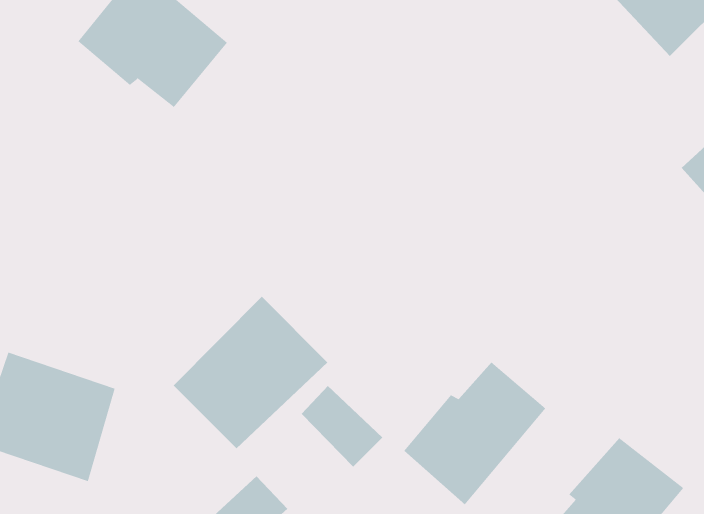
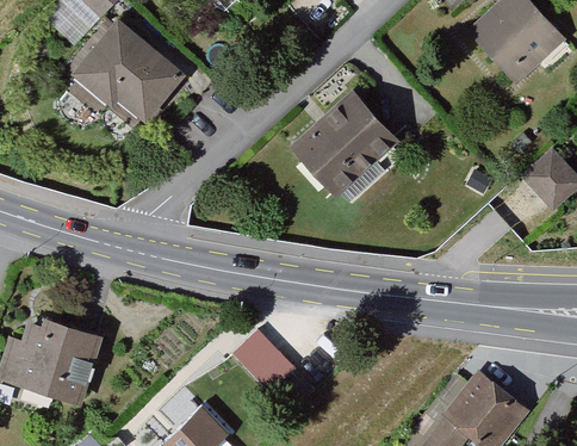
building: none -> [291,95,399,199]
building: [173,296,328,449] -> none
building: [404,361,546,505] -> none

